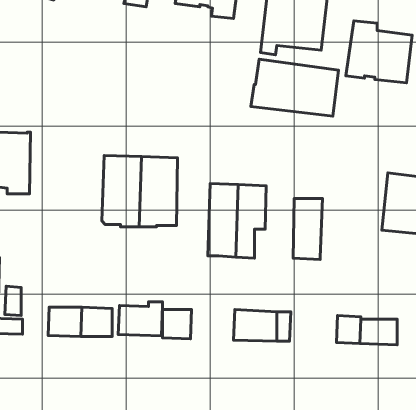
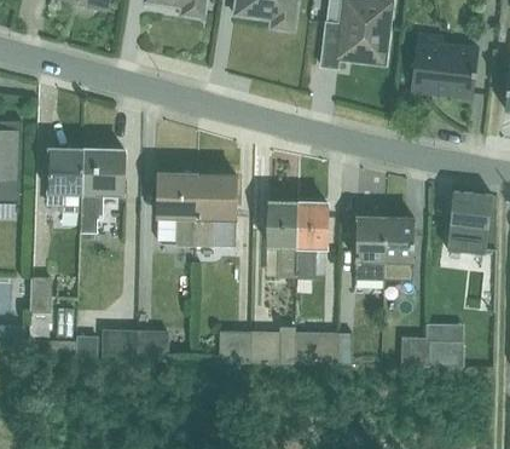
building: [251,59,338,116] -> none
building: none -> [81,148,124,232]
building: none -> [383,217,415,278]
building: [118,302,163,336] -> [249,328,295,363]

